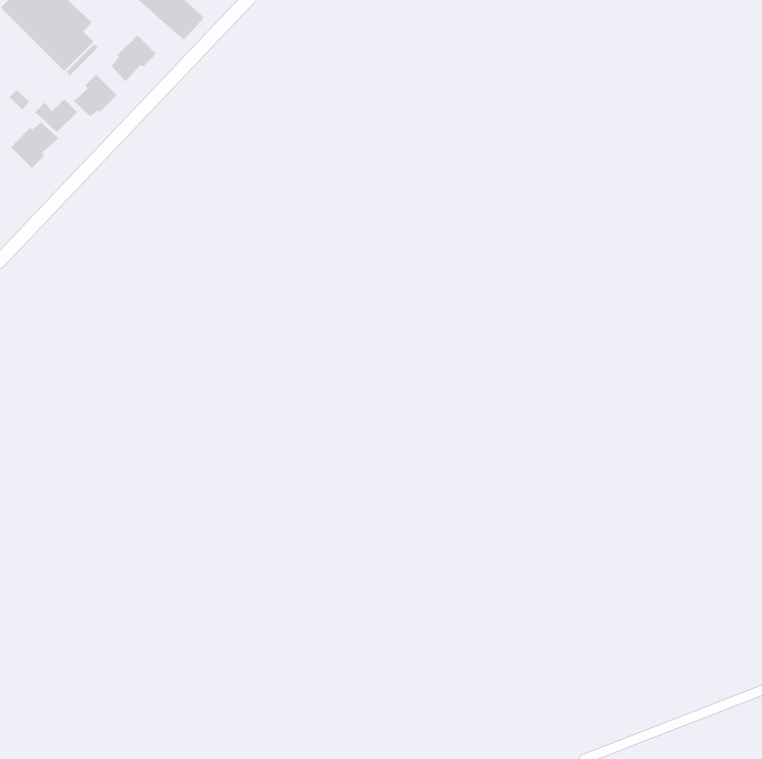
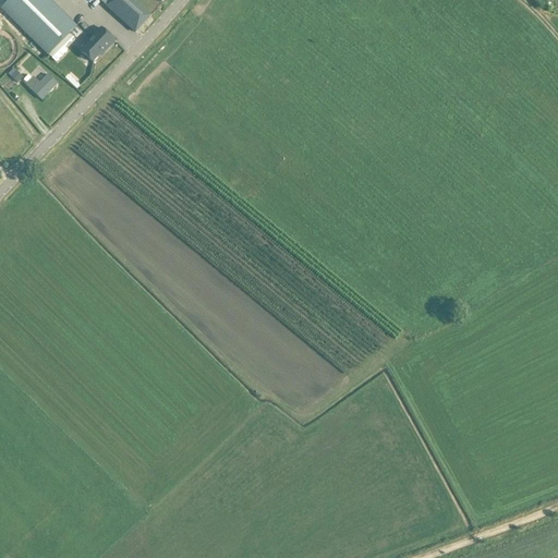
building: [73,74,118,117] -> none
building: [10,122,59,169] -> none

